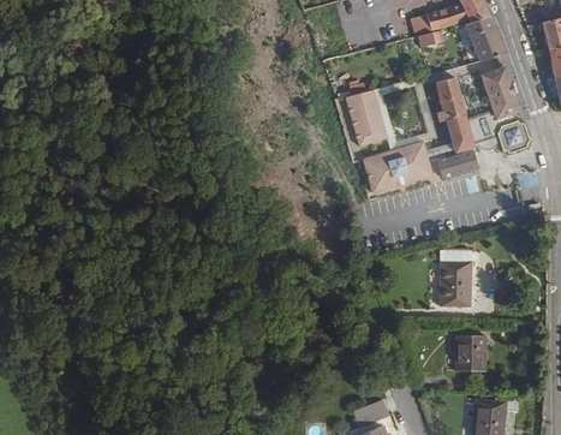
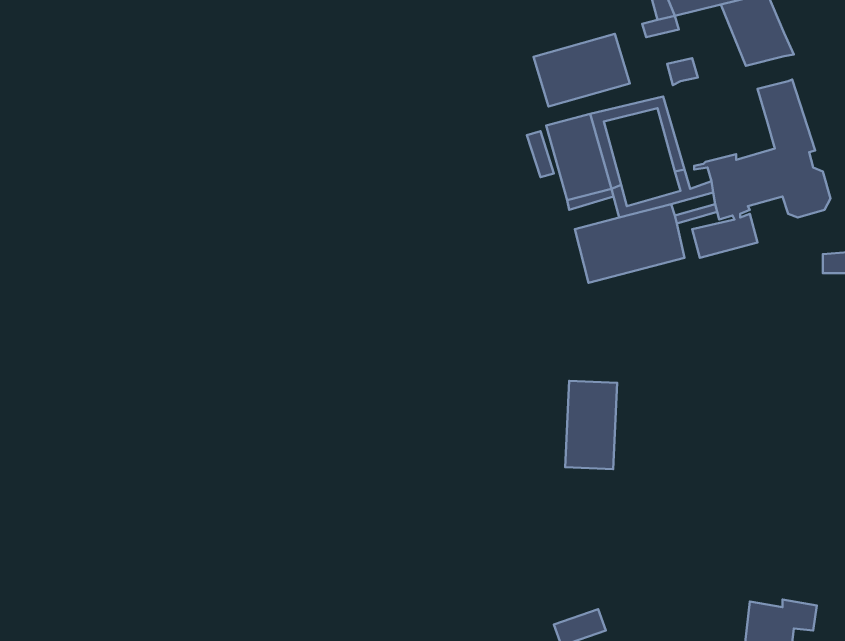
building: none -> [534,34,630,107]
building: [438,78,466,120] -> none
building: [440,249,472,304] -> [565,381,617,469]
building: [454,333,487,368] -> none

